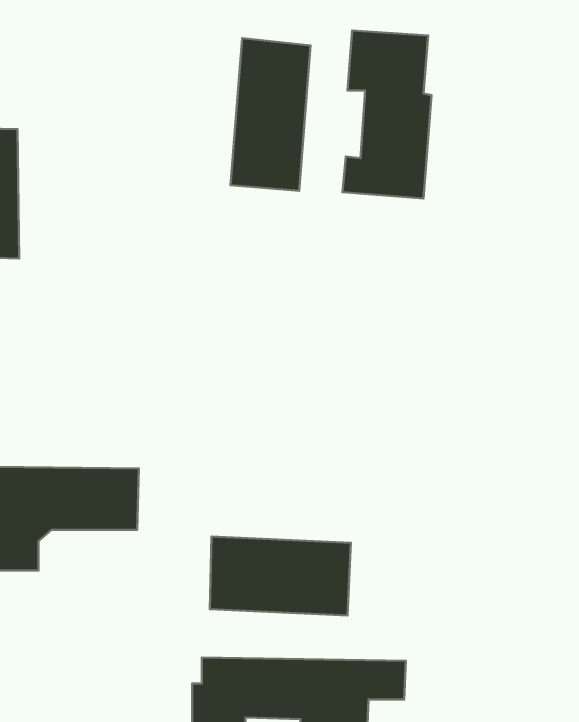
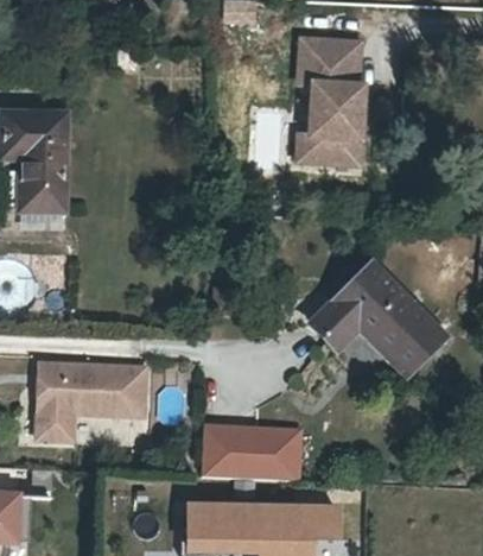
building: [231,38,310,191] -> none
building: none -> [312,265,445,372]

